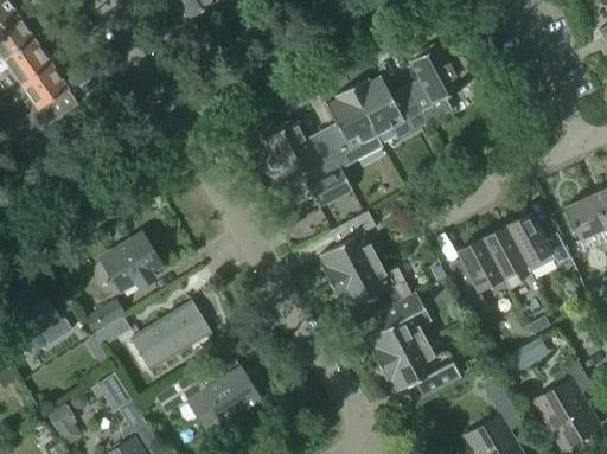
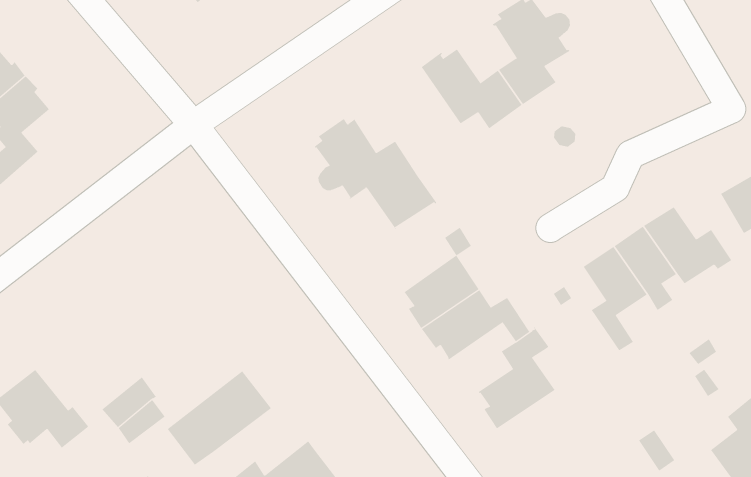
building: [326,88,377,170] -> none
building: [102,235,161,290] -> none
building: [379,341,462,392] -> none

